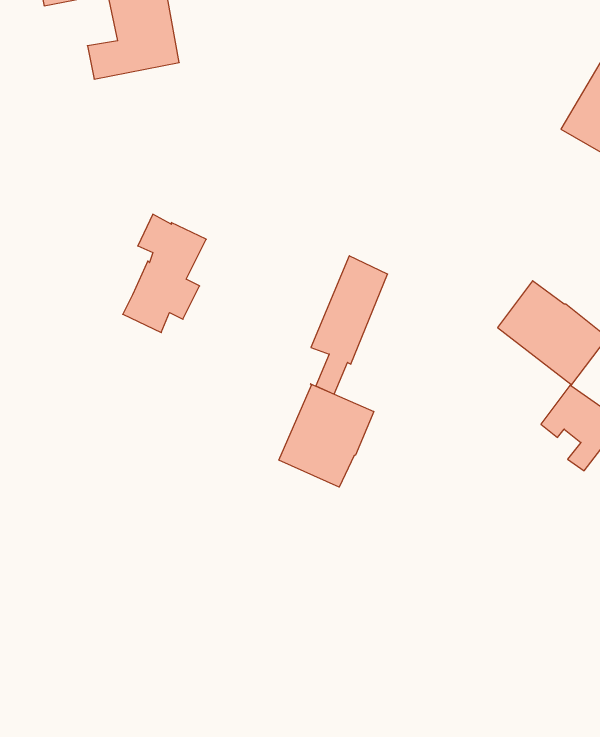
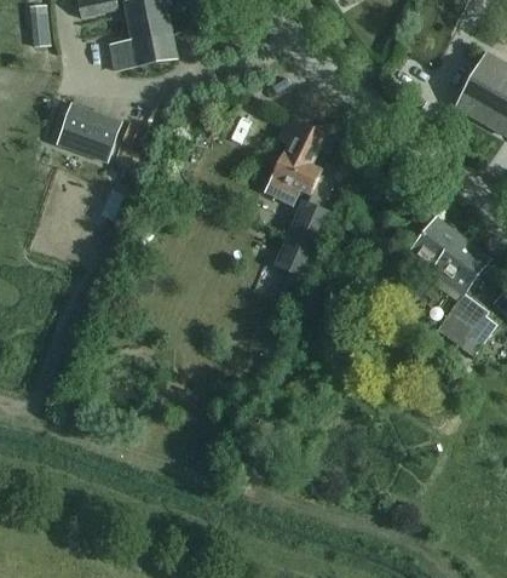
building: none -> [58,101,120,156]
building: [123,214,206,333] -> [265,115,325,201]
building: [279,384,374,487] -> none

